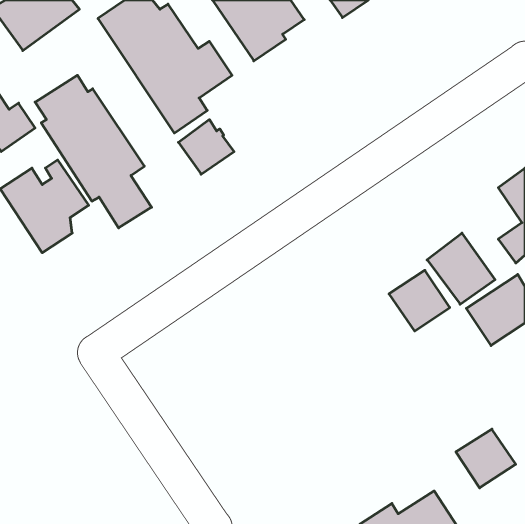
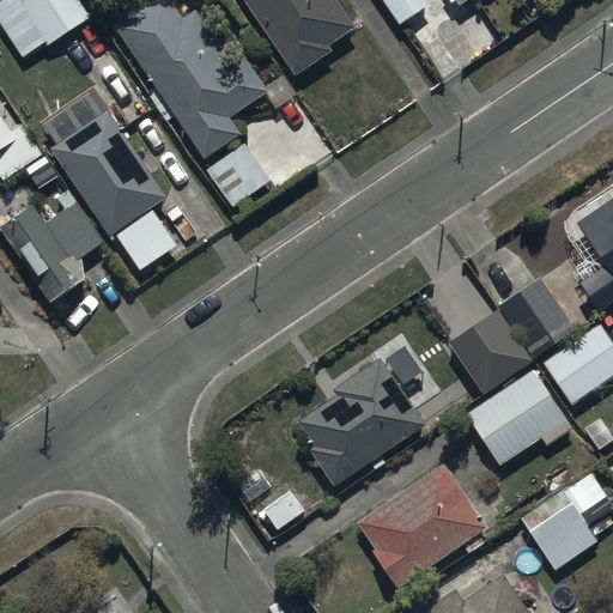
building: none -> [299,354,425,484]
building: none -> [465,368,573,465]
building: none -> [358,461,488,587]

